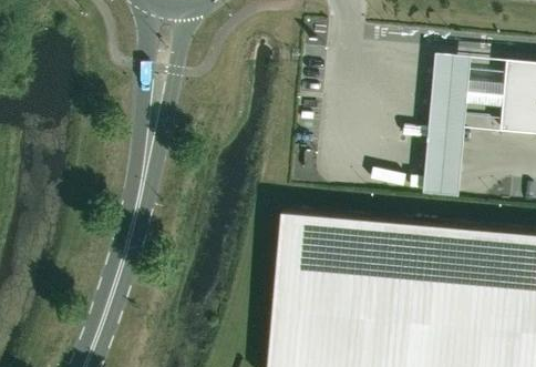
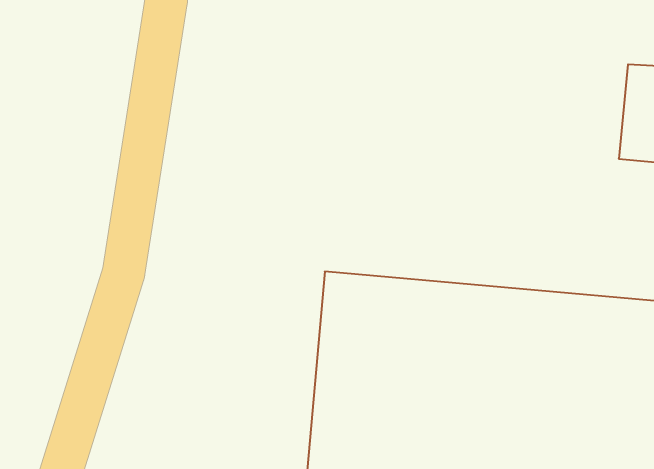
building: [423,53,507,196] -> none

